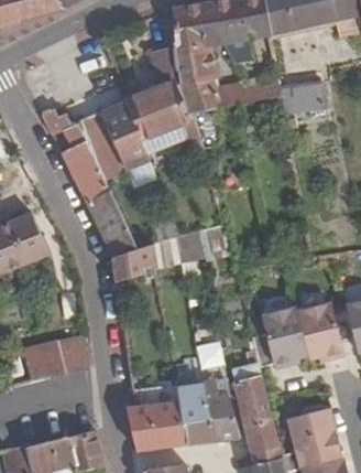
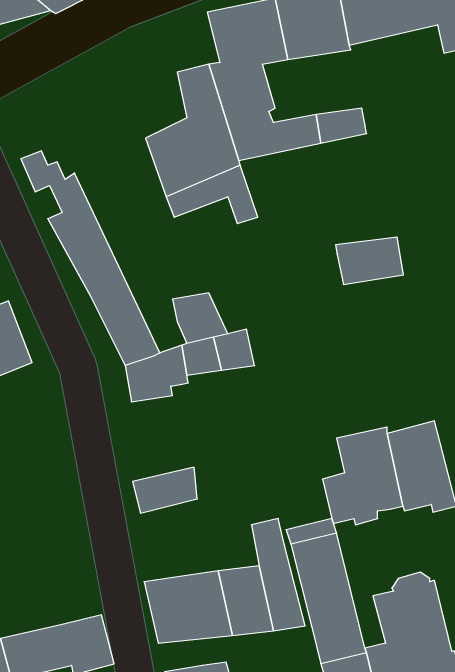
building: [281,83,328,116] -> [336,237,403,284]
building: [100,97,151,171] -> none
building: [45,345,90,377] -> [133,467,197,513]

